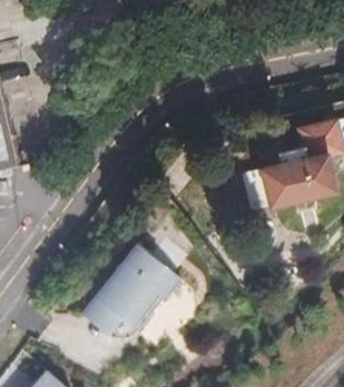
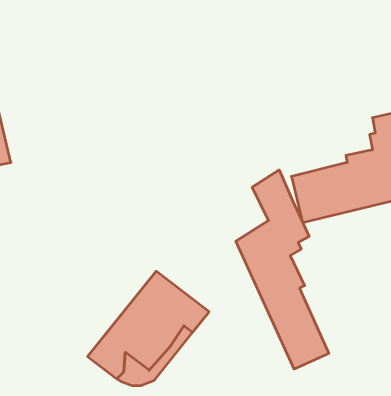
building: none -> [236,170,329,369]

